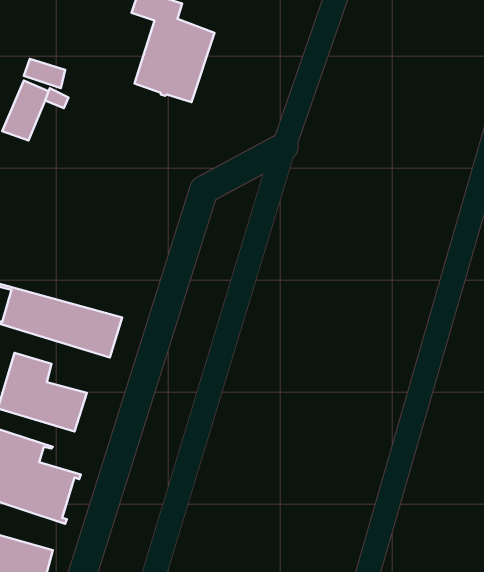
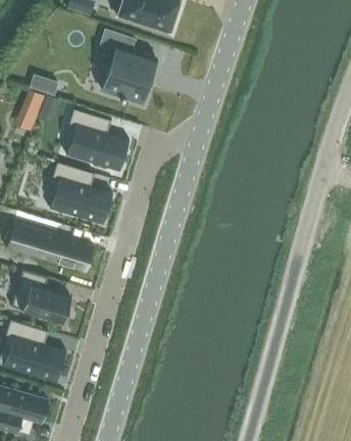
building: none -> [65,109,129,171]
building: none -> [49,162,112,225]

